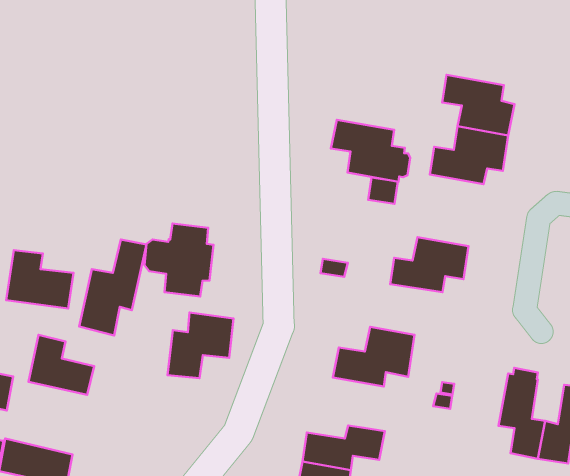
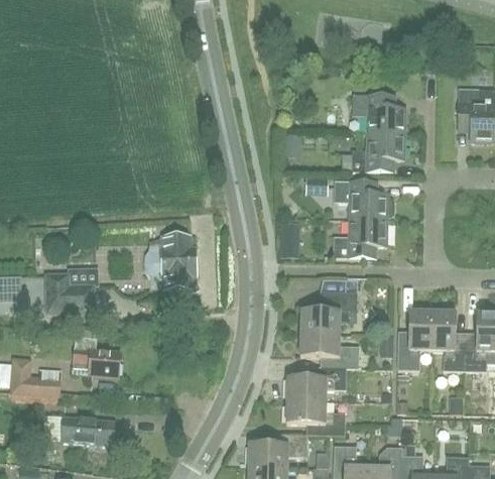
building: [331,120,410,182] -> [333,179,393,219]
building: [79,239,146,336] -> none
building: [168,312,234,378] -> none
building: none -> [396,310,431,369]
building: none -> [300,333,358,368]

